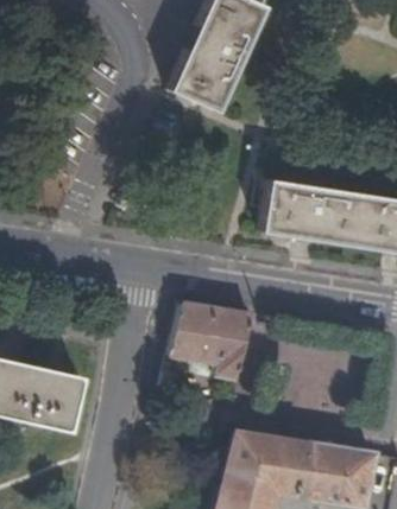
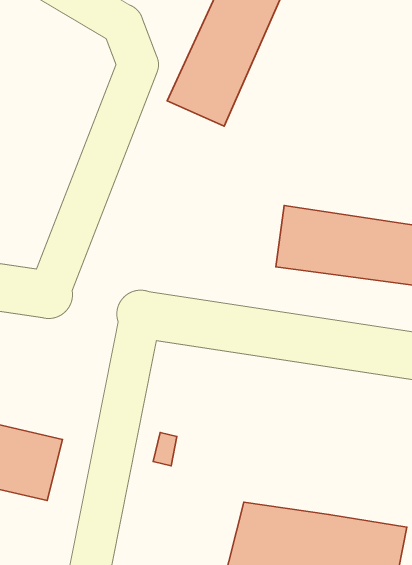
building: [170,303,253,378] -> none

